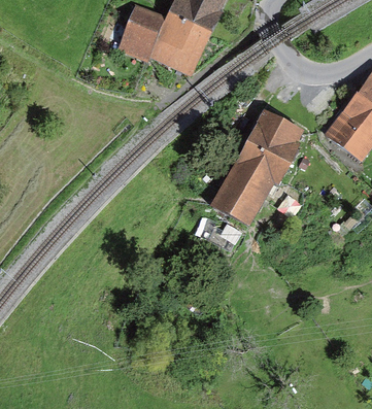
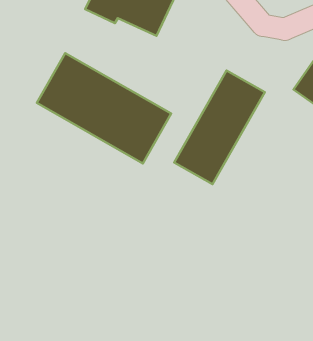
building: none -> [37,53,171,163]

